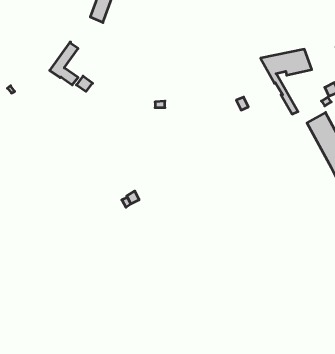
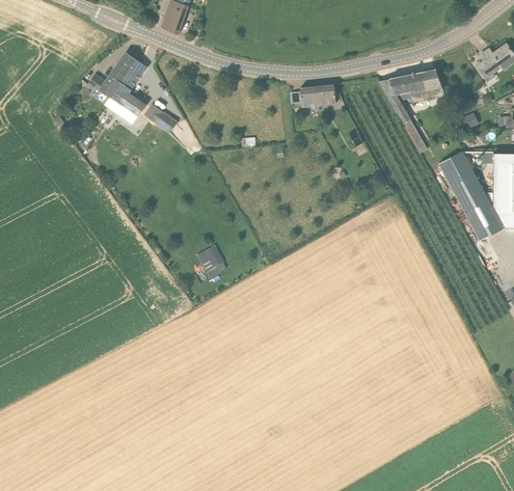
building: none -> [87,52,135,104]
building: none -> [299,84,335,106]

